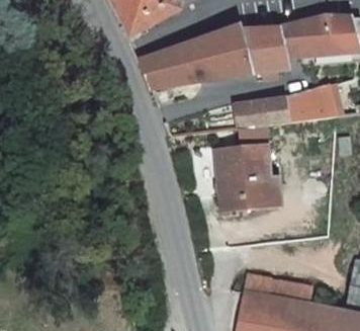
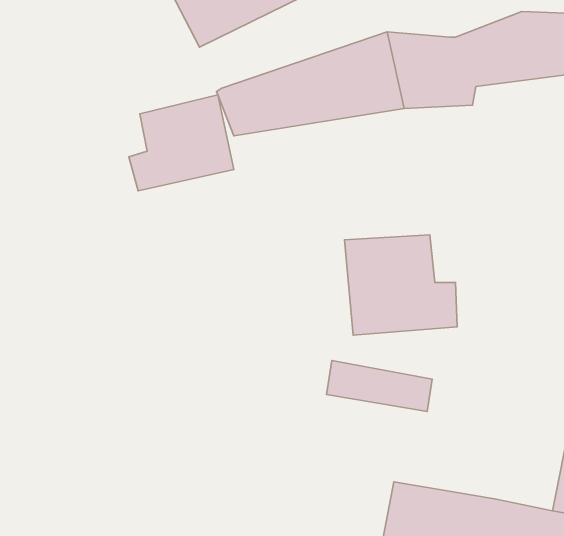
building: none -> [129,95,234,191]
building: [238,88,339,130] -> none
building: [246,273,308,304] -> [327,360,432,412]

